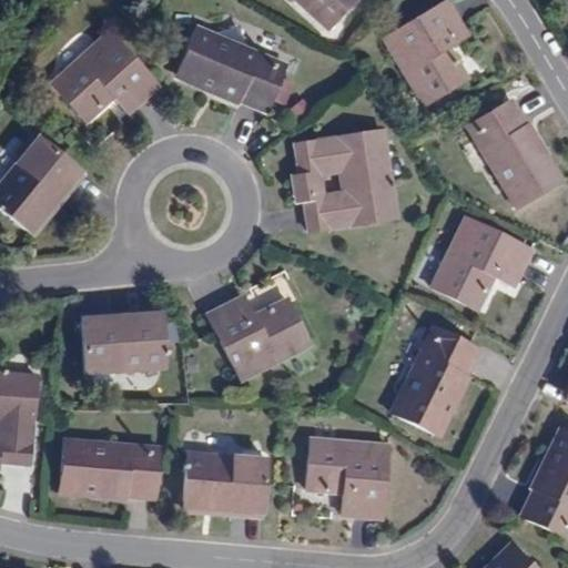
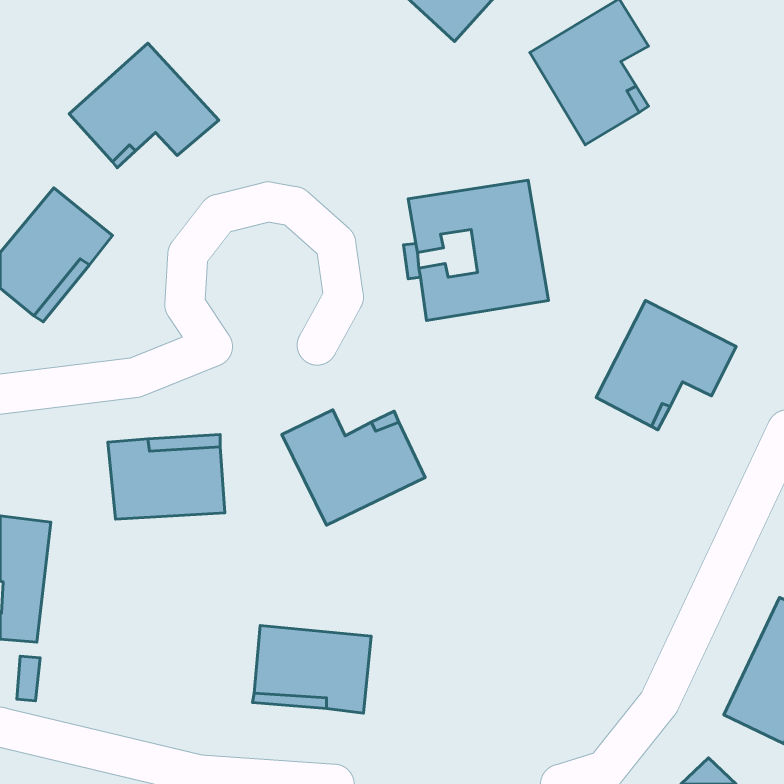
building: [180,29,286,112] -> none
building: [470,100,560,206] -> none
building: [393,326,479,433] -> none
building: [306,437,388,517] -> none
building: [60,442,159,498] -> none

